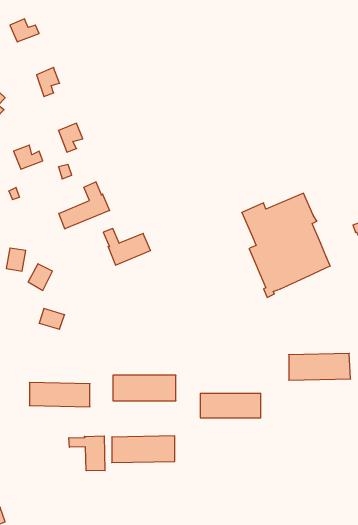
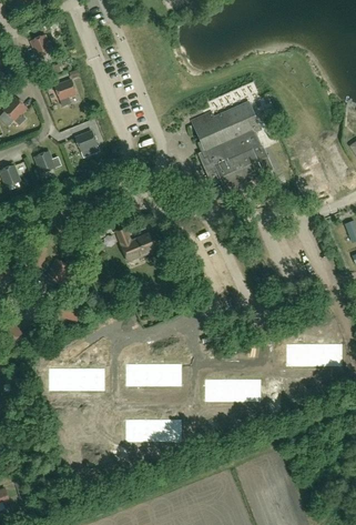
building: [59,182,110,229] -> none
building: [242,193,330,297] -> [191,102,272,198]
building: [69,436,105,471] -> none

